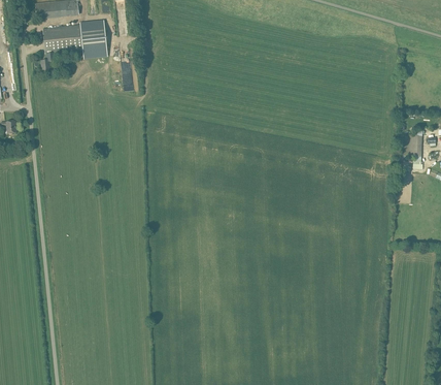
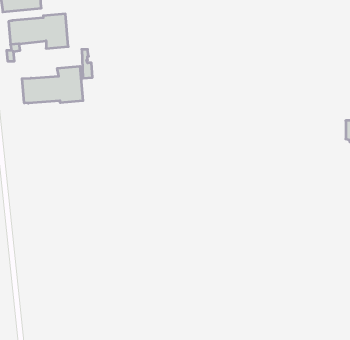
building: none -> [22,66,83,103]

